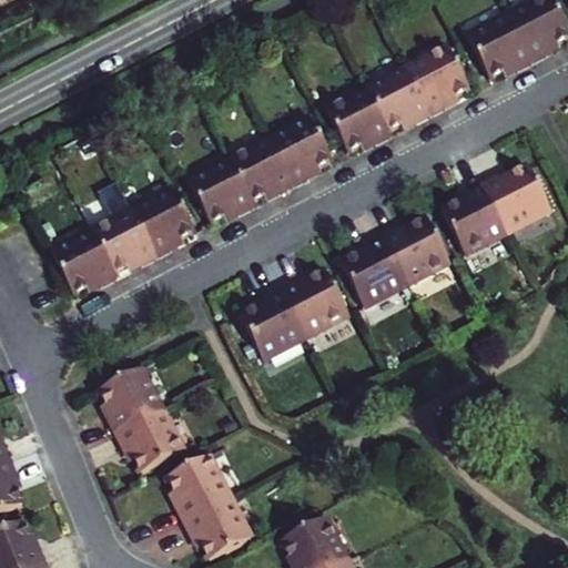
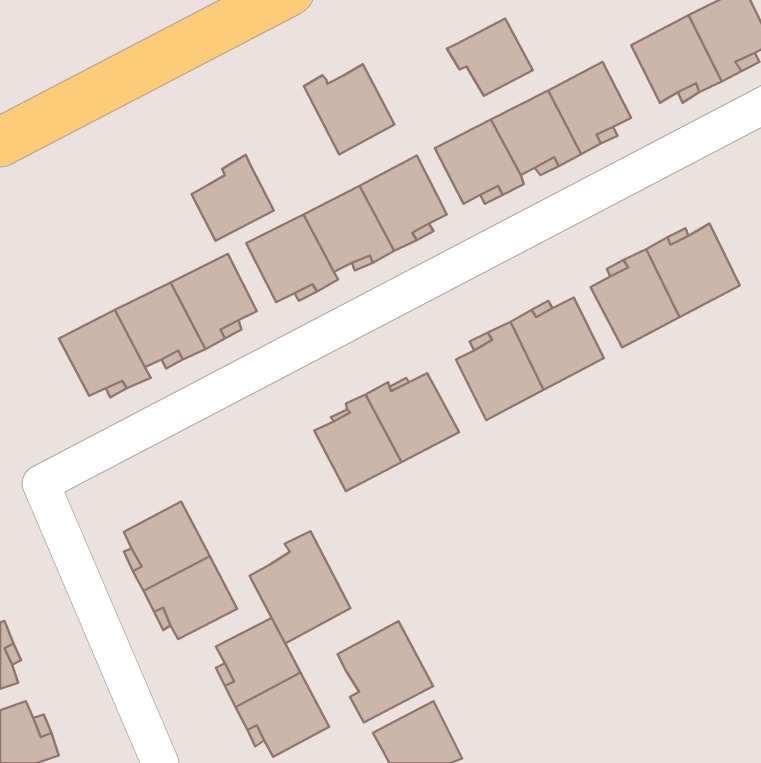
building: none -> [447,18,533,96]
building: none -> [304,64,395,154]
building: none -> [192,155,274,241]
building: none -> [250,531,350,643]
building: none -> [338,621,433,723]

